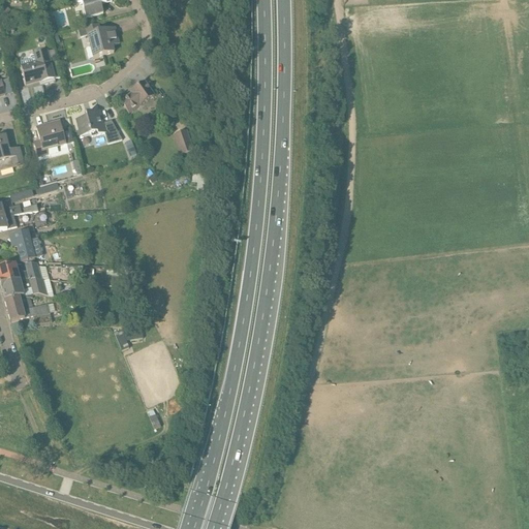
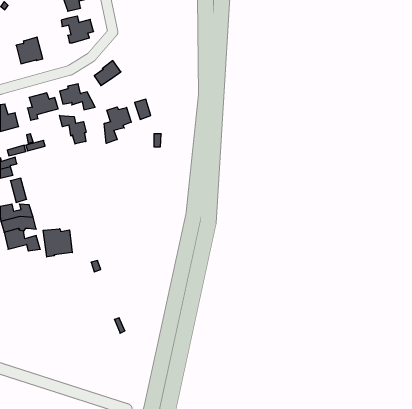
building: none -> [104,107,131,143]
building: none -> [60,115,86,144]
building: none -> [43,229,72,257]

